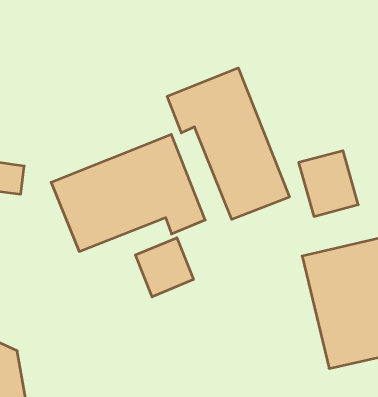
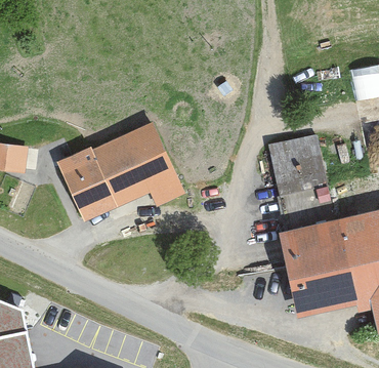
building: [167,68,289,219] -> none
building: [135,238,193,297] -> none

